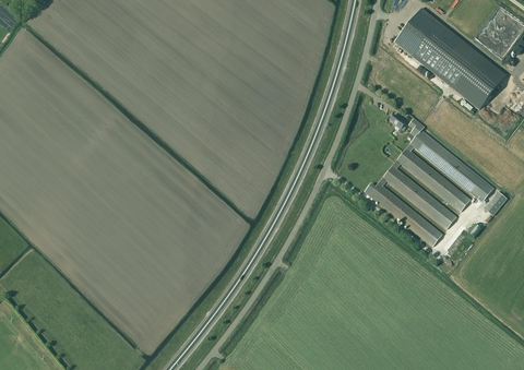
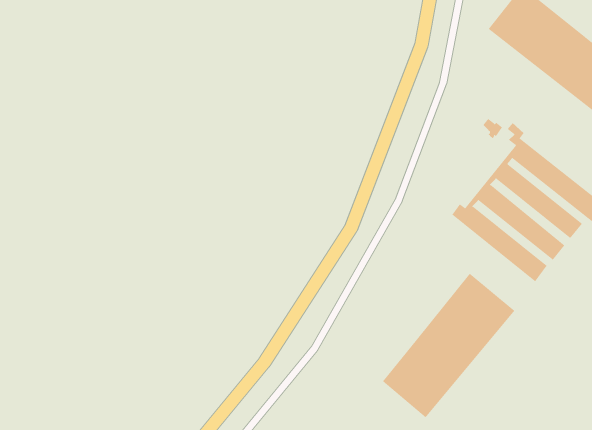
building: none -> [382,273,515,418]

